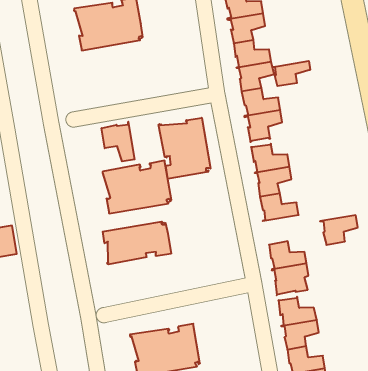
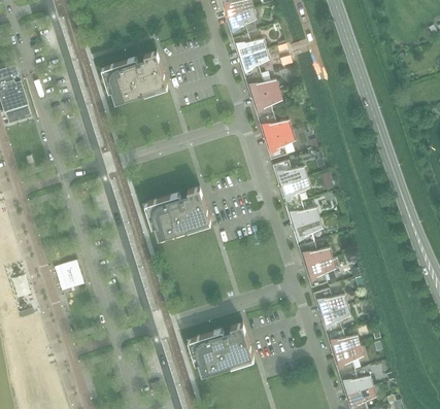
building: [272,61,310,86] -> none
building: [159,118,210,179] -> none
building: [102,122,135,161] -> none
building: [320,215,358,245] -> [291,217,324,246]
building: [103,222,171,264] -> none

